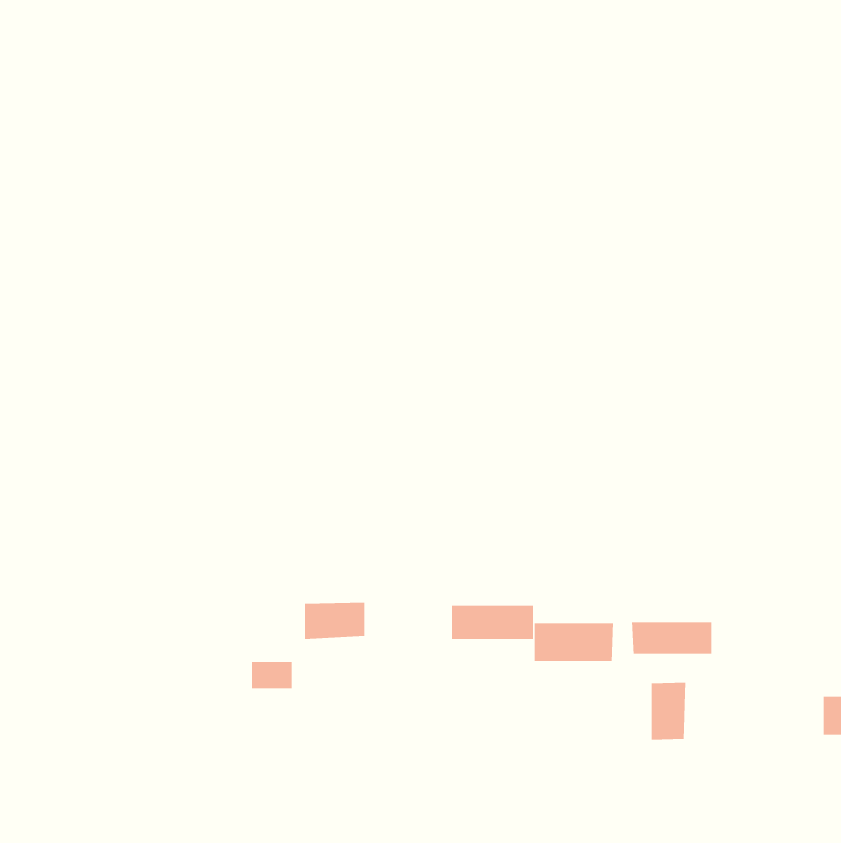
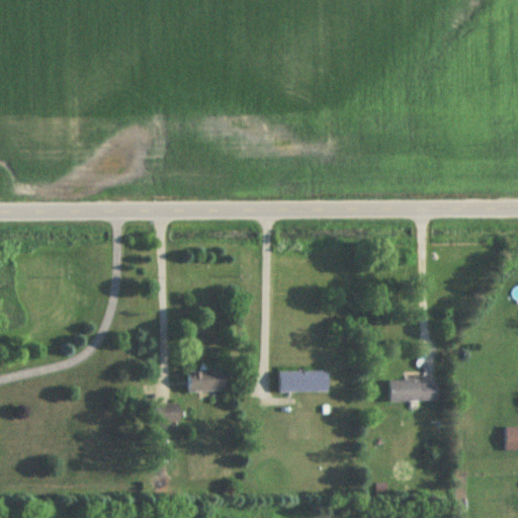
building: [534,623,614,662] -> none
building: [651,682,686,740] -> none

